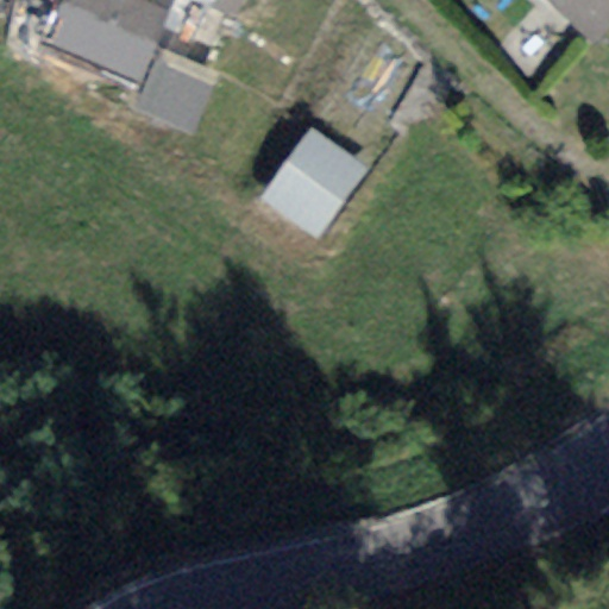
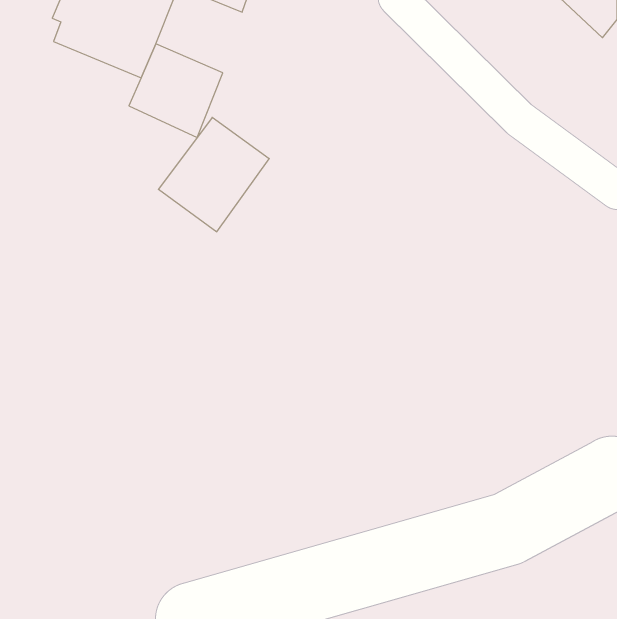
building: [258,125,366,237] -> [158,117,269,232]

